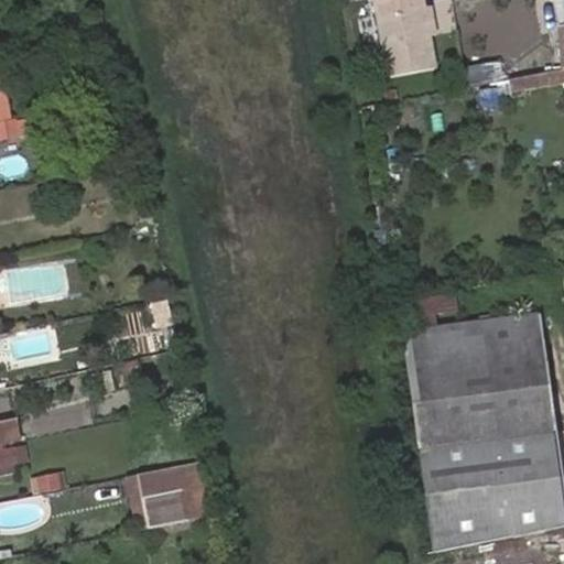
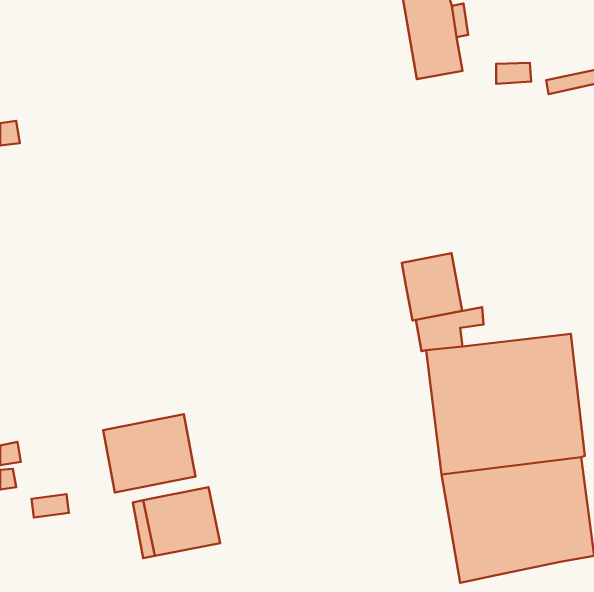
building: none -> [402,253,462,321]
building: none -> [103,414,195,492]

